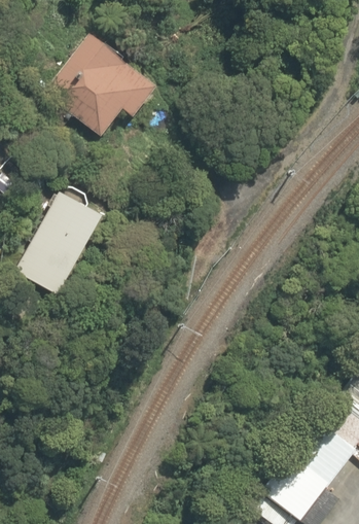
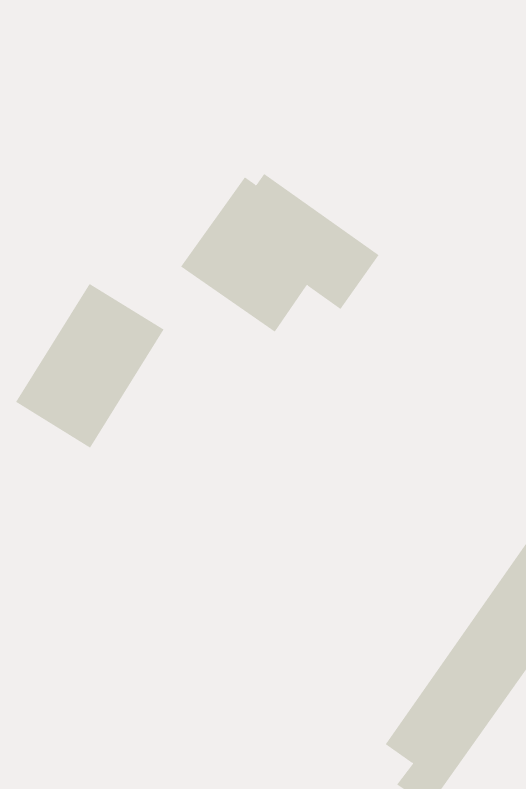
building: [43,37,171,139] -> [180,173,380,332]

